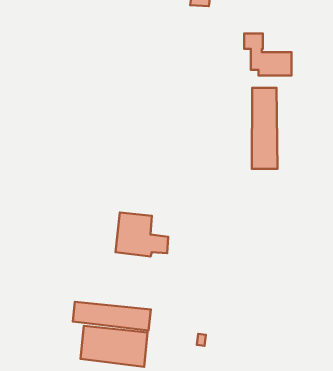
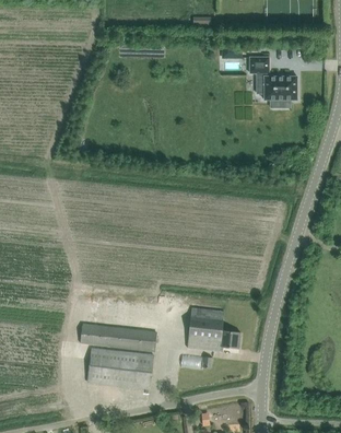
building: [252,88,278,169] -> none
building: [115,213,168,257] -> [188,308,240,352]

